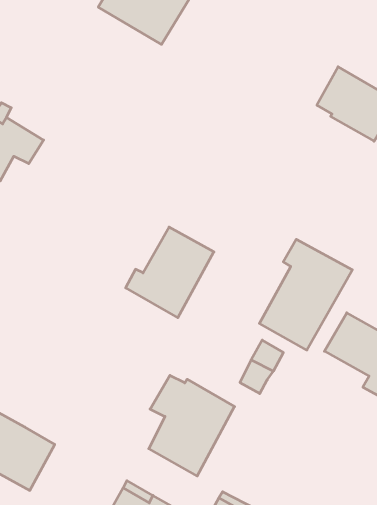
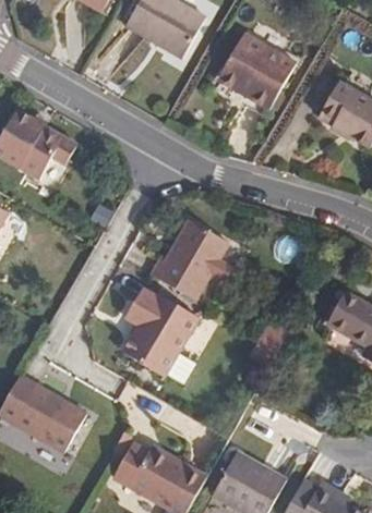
building: none -> [214,33,295,110]
building: [259,239,352,350] -> none
building: [149,375,235,476] -> [122,289,197,377]

